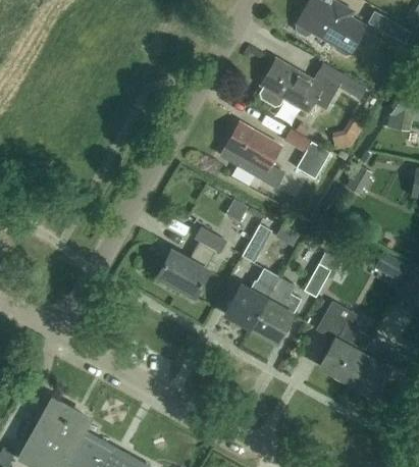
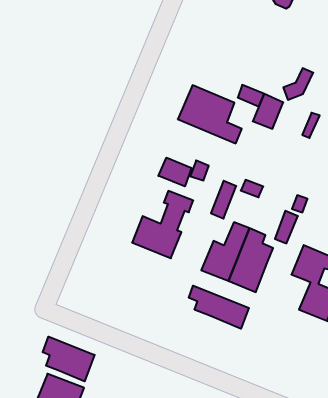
building: [260,58,366,112] -> none
building: none -> [158,158,192,186]
building: none -> [189,286,249,329]
building: none -> [43,337,95,381]

